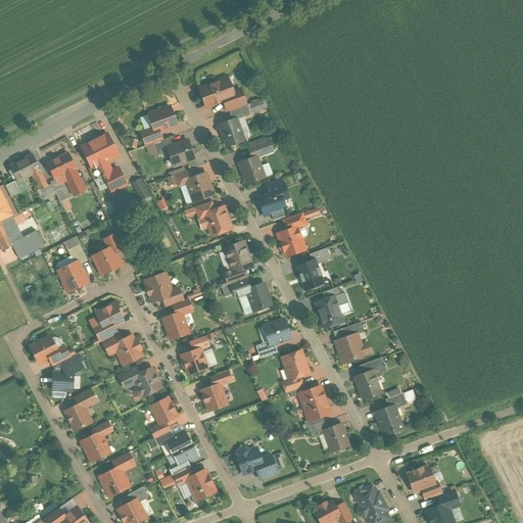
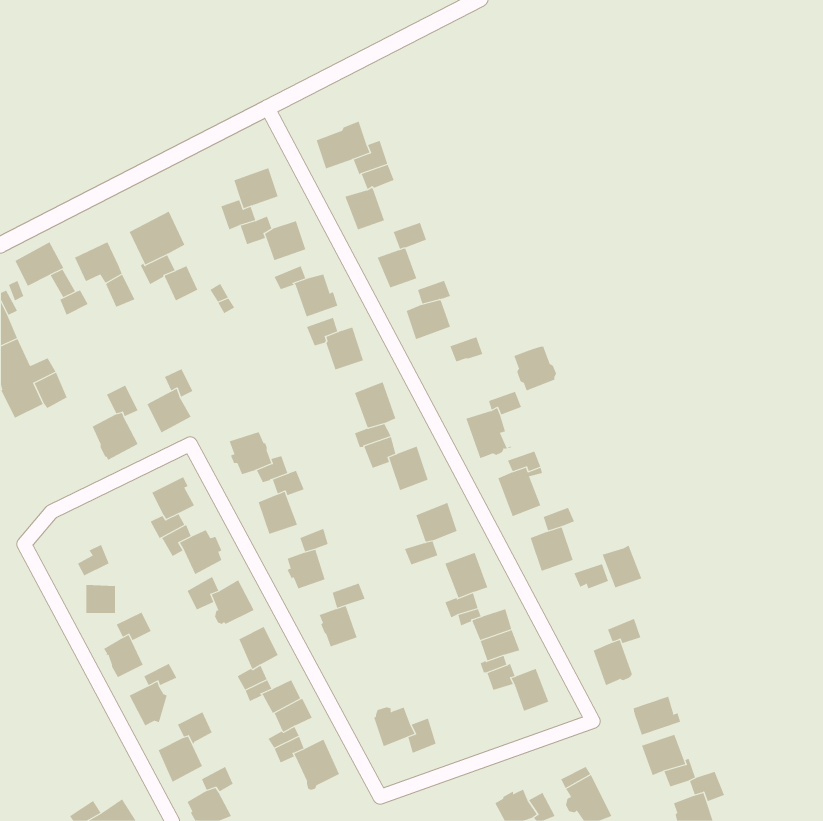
building: [278,228,305,256] -> [513,346,557,391]
building: [31,336,58,363] -> none
building: [354,371,380,398] -> [602,545,642,588]
building: none -> [633,696,681,735]

